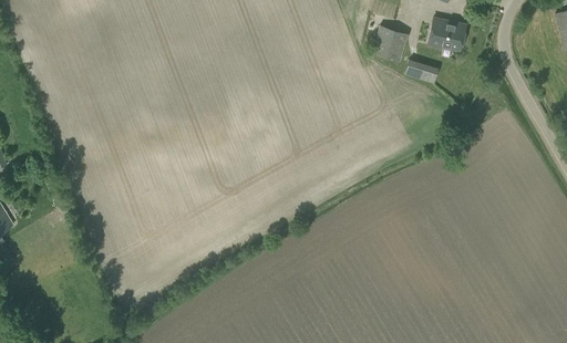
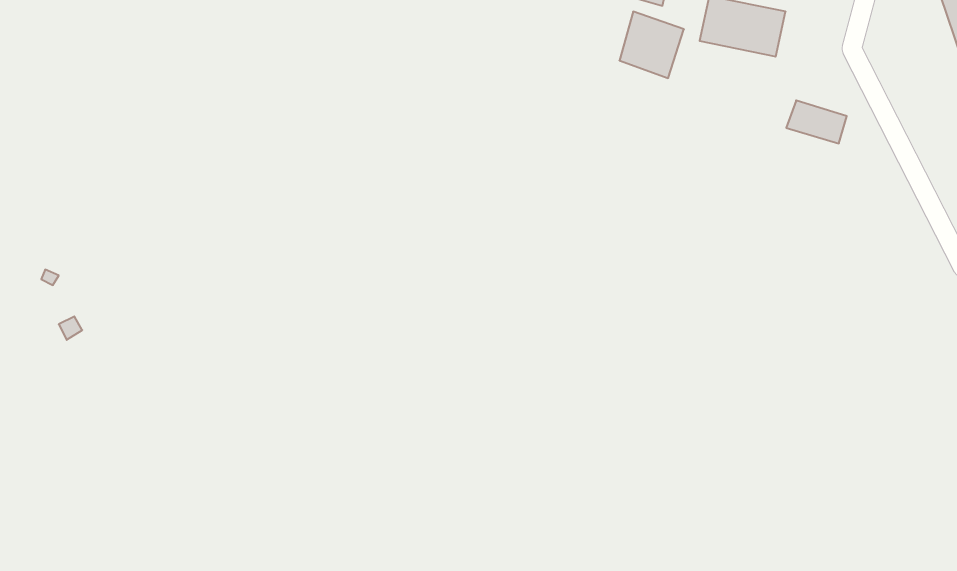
building: [404,59,439,83] -> [786,100,847,143]

